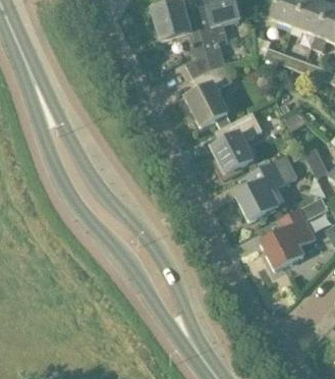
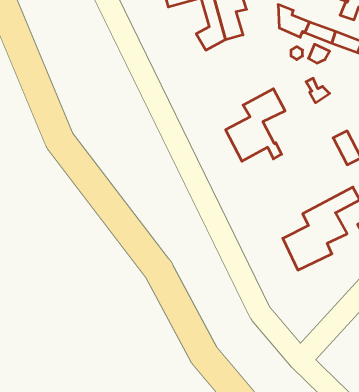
building: [185,64,232,126] -> none
building: [236,154,298,220] -> none

